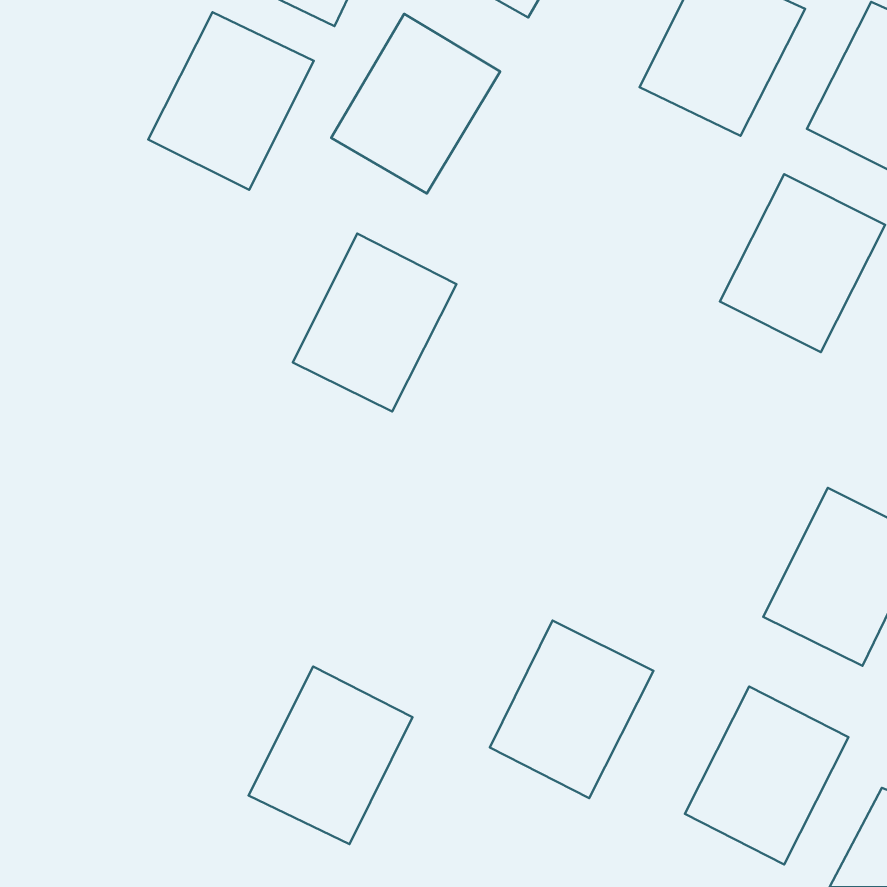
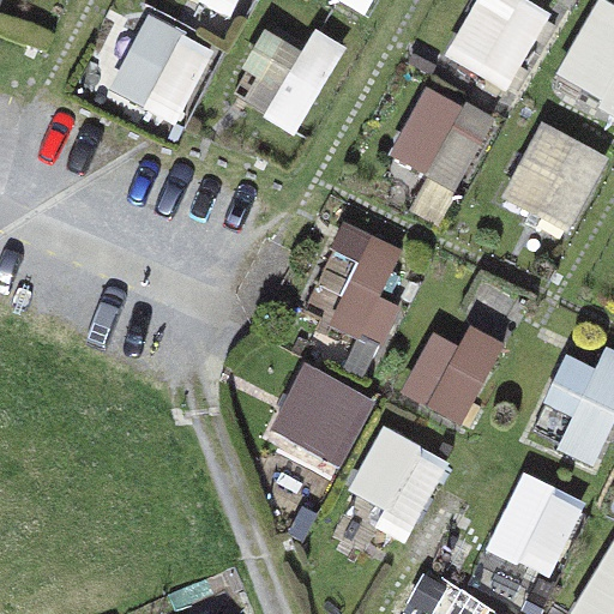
building: none -> [384,80,496,203]
building: [293,234,457,411] -> [307,227,420,349]
building: none -> [395,295,507,417]
building: [249,667,412,844] -> [259,353,372,475]

